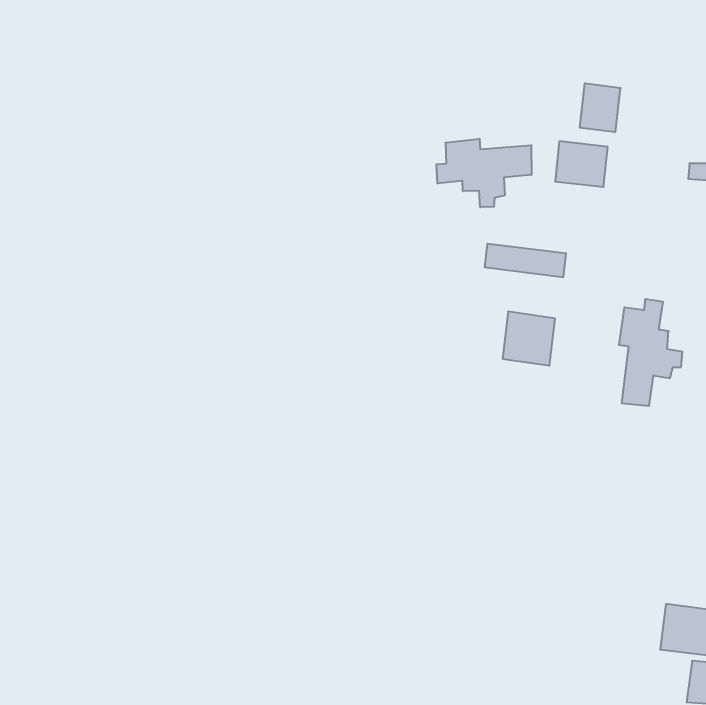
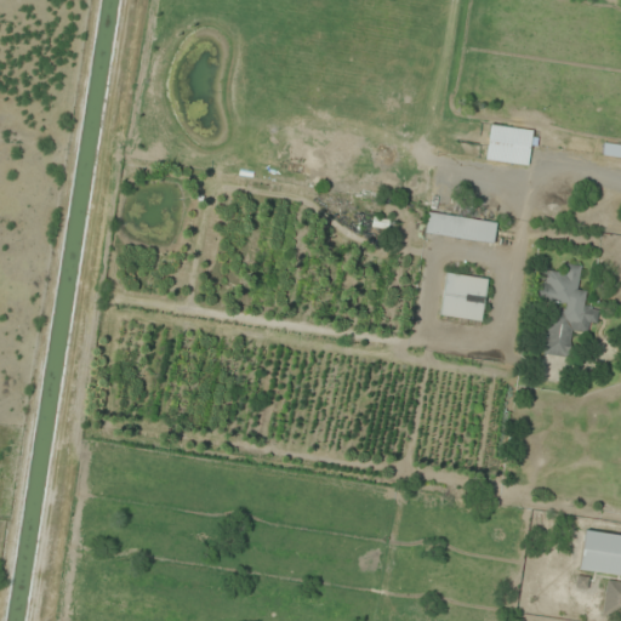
building: [580,83,620,132] -> none
building: [436,139,531,207] -> none

